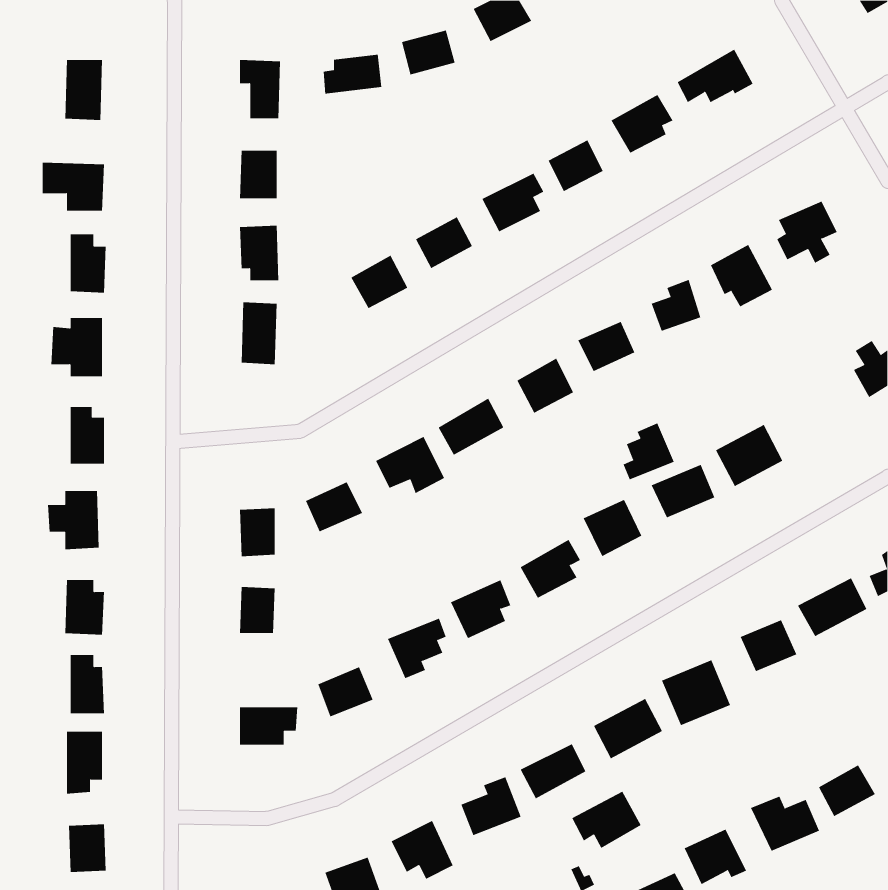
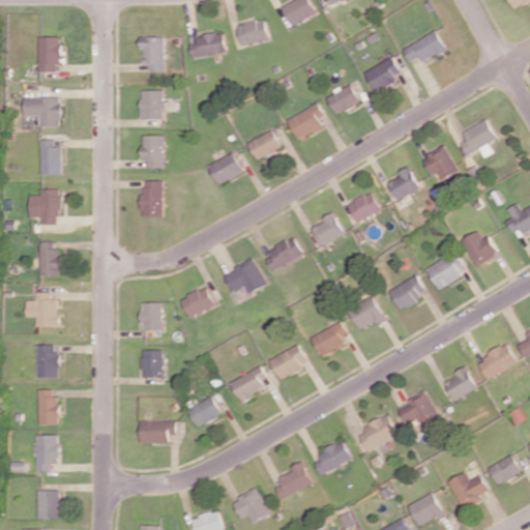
building: none -> [461,231,498,266]
building: [623,422,674,480] -> none
building: [571,791,641,849] -> none

